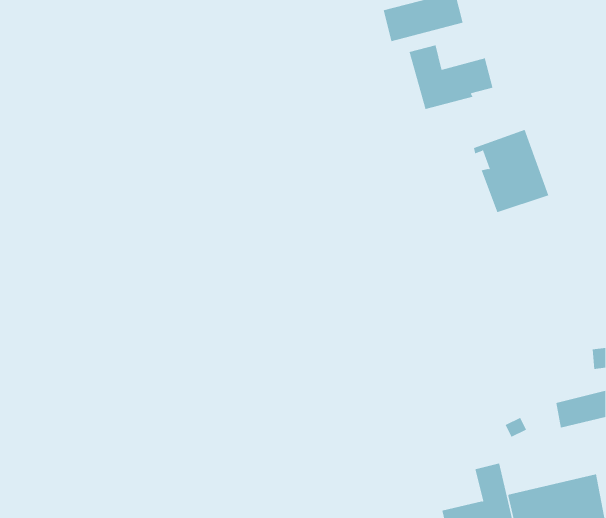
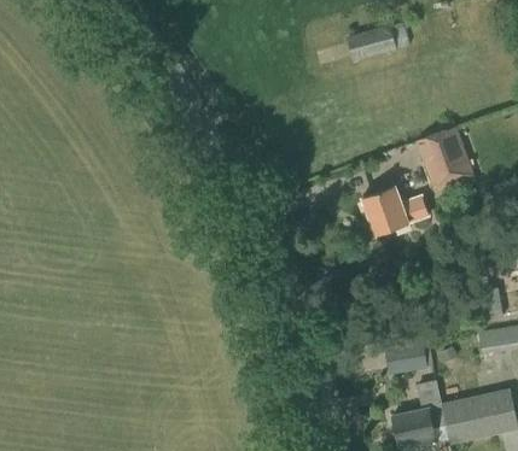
building: [409,45,493,110] -> none
building: none -> [361,184,429,235]
building: none -> [386,342,427,373]

